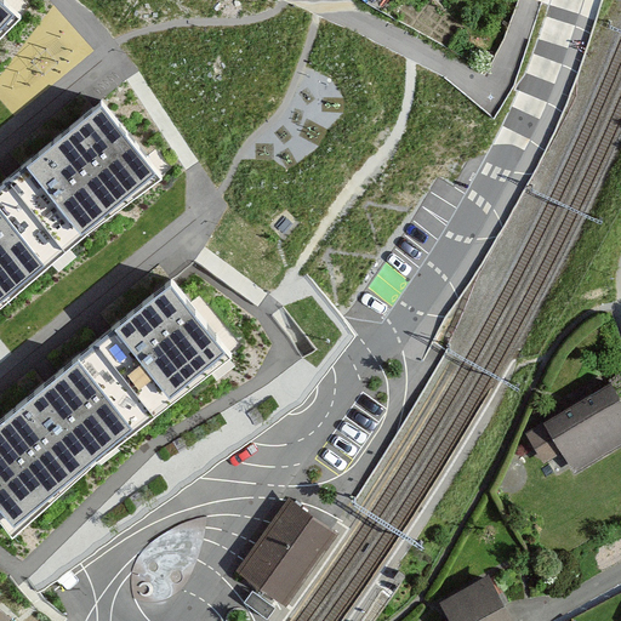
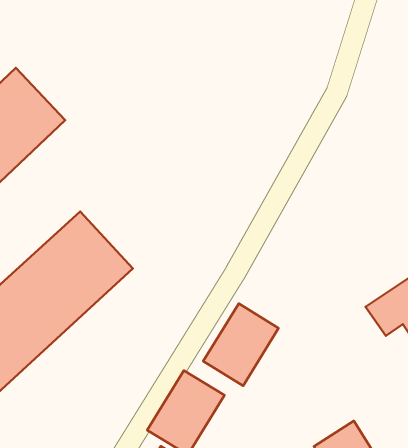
building: none -> [203,304,279,386]

